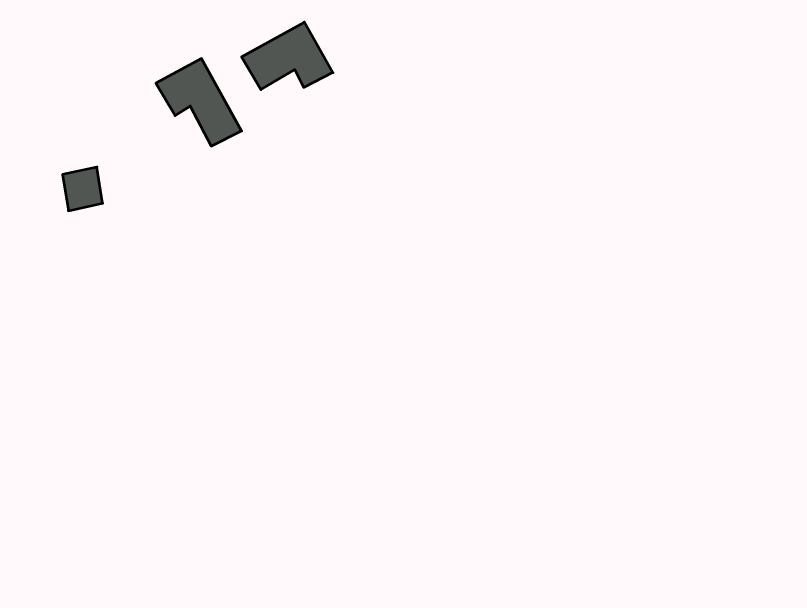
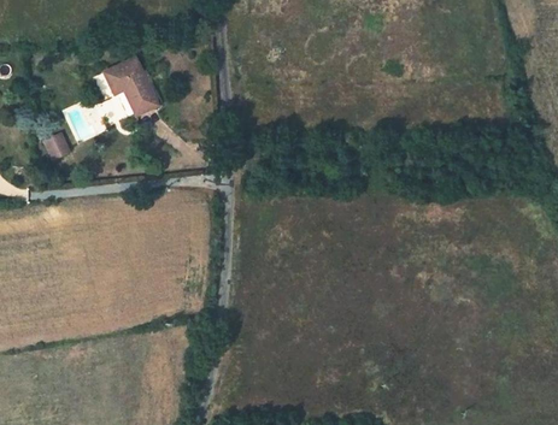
building: [242,22,333,90] -> none

